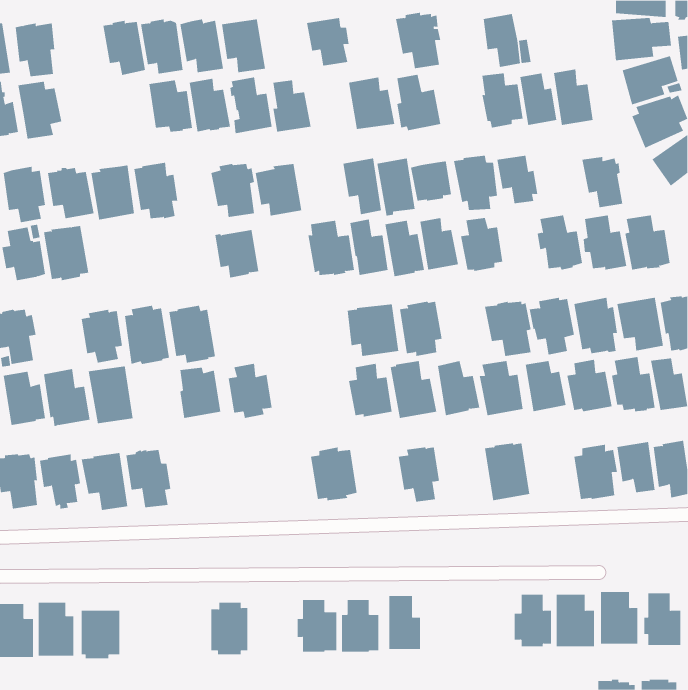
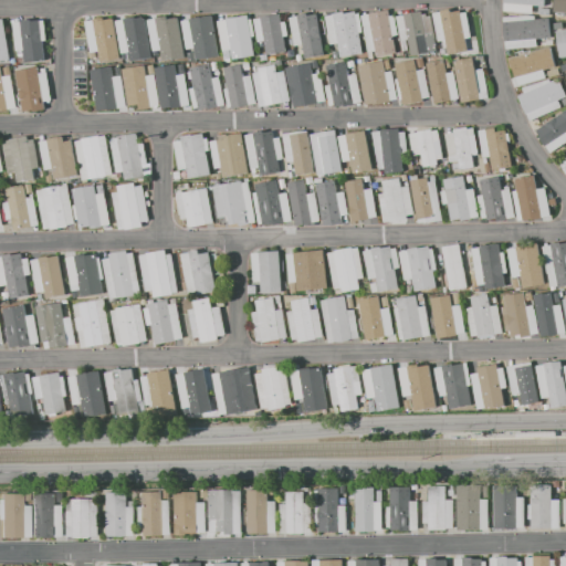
building: none -> [432,9,470,55]
building: none -> [359,10,396,56]
building: none -> [287,12,323,59]
building: none -> [216,15,252,57]
building: none -> [357,61,396,105]
building: none -> [252,64,289,107]
building: none -> [90,66,125,111]
building: none -> [443,127,478,169]
building: none -> [244,130,282,176]
building: none -> [409,177,441,224]
building: none -> [212,181,254,227]
building: none -> [112,182,147,230]
building: none -> [73,186,108,228]
building: none -> [363,245,399,292]
building: none -> [180,249,214,296]
building: none -> [250,251,280,293]
building: none -> [30,255,64,298]
building: none -> [250,297,286,342]
building: none -> [109,304,146,346]
building: none -> [433,363,471,409]
building: none -> [361,364,397,408]
building: none -> [291,365,325,411]
building: none -> [212,367,256,415]
building: none -> [176,368,210,415]
building: none -> [139,371,174,412]
building: none -> [355,486,381,532]
building: none -> [386,486,418,531]
building: none -> [207,489,240,534]
building: none -> [105,492,132,536]
building: none -> [137,492,167,535]

